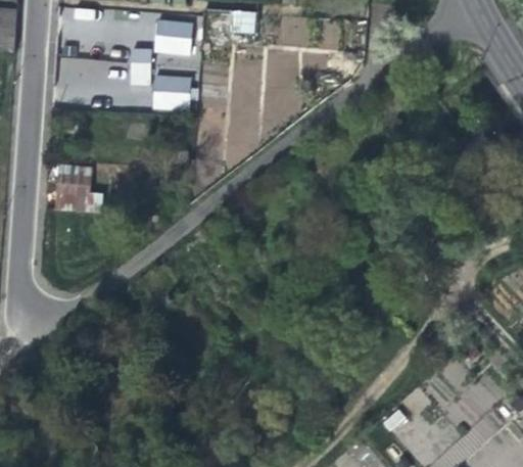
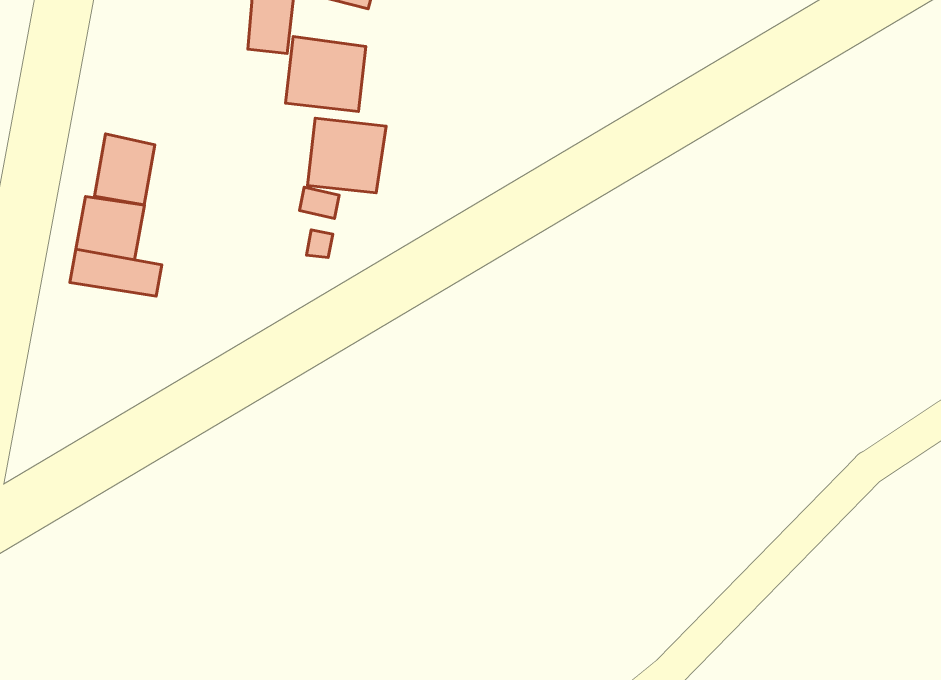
building: none -> [307,118,386,193]
building: none -> [95,134,155,205]

